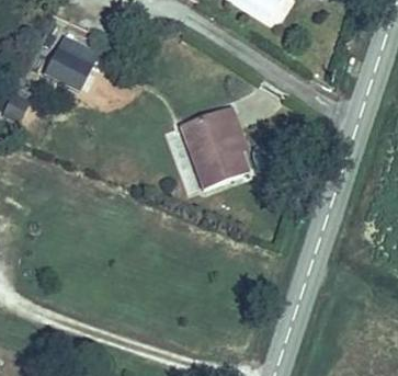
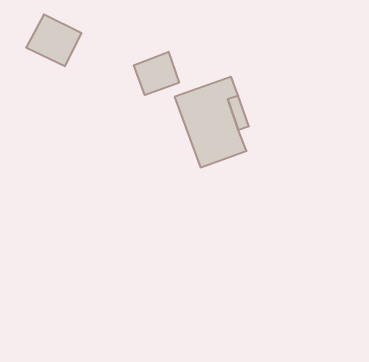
building: none -> [134,52,179,95]

